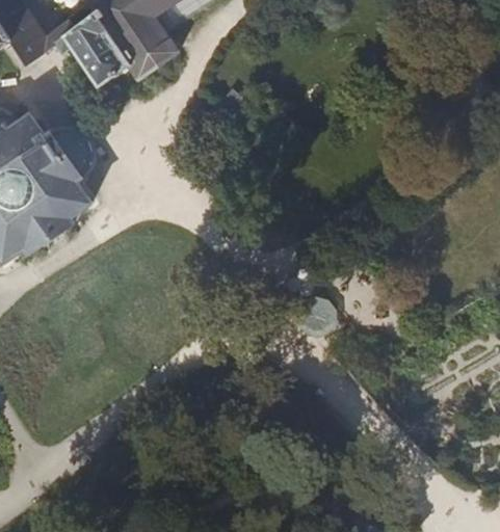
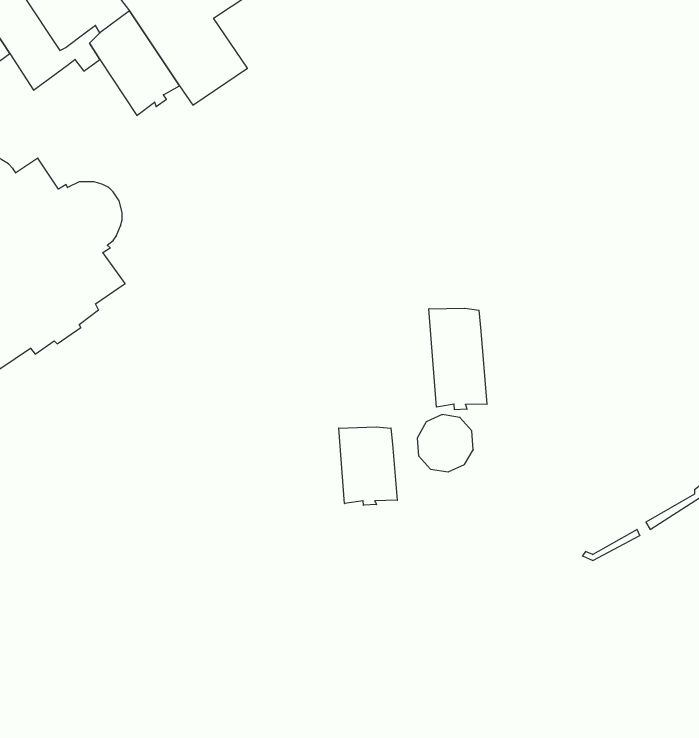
building: none -> [429,308,487,410]
building: none -> [339,427,397,505]

